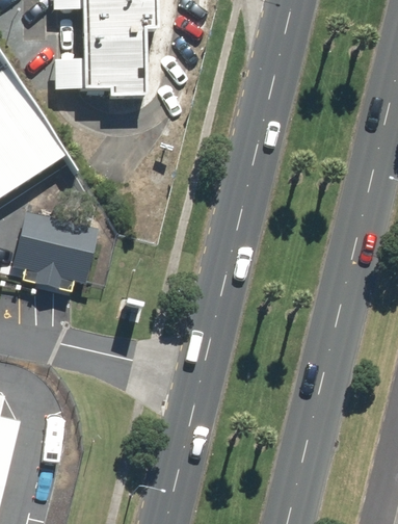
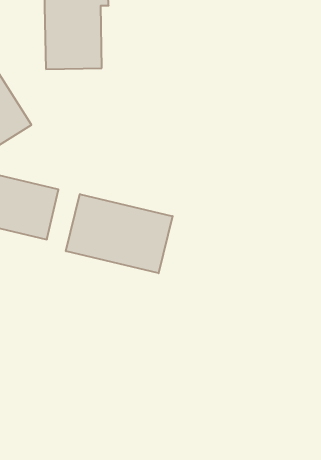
building: none -> [66,194,173,273]

